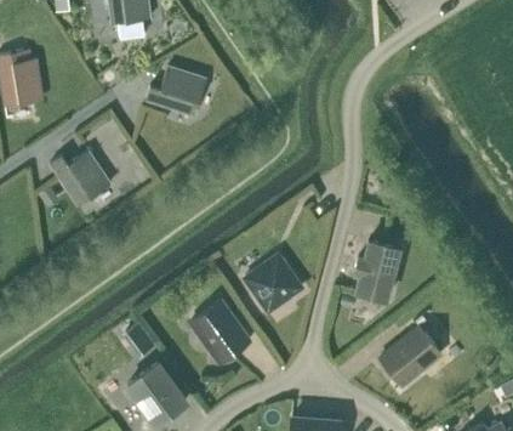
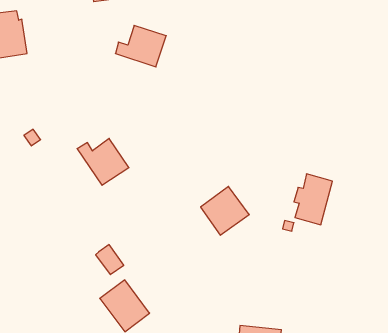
building: [50,151,110,205] -> [77,138,129,185]
building: [190,301,249,363] -> none
building: [380,327,440,386] -> none

